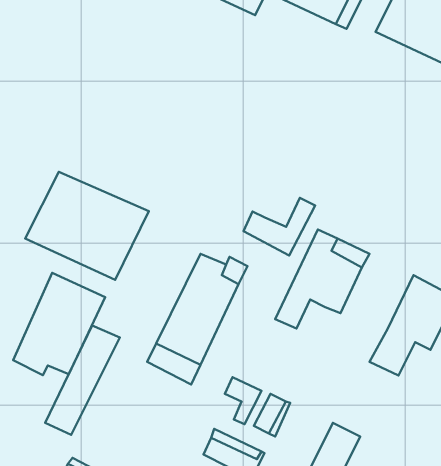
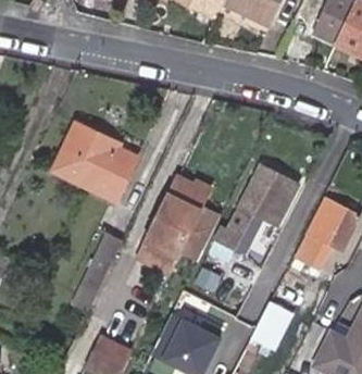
building: [243,198,315,256] -> [213,216,264,258]
building: [13,273,105,375] -> none

